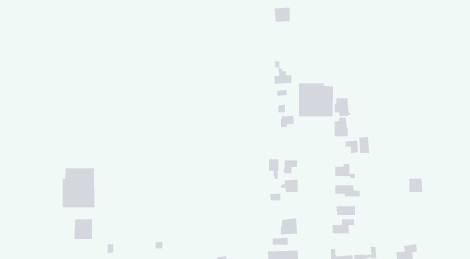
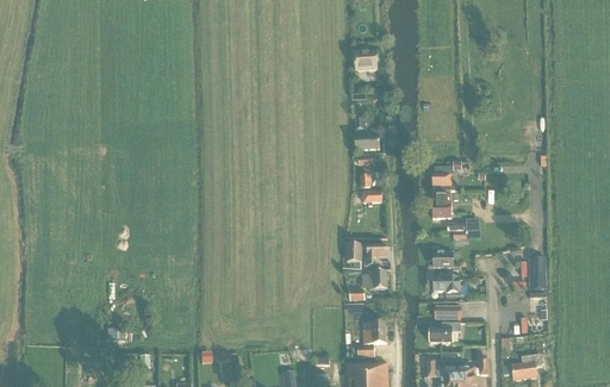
building: [298,82,334,117] -> none
building: [62,167,95,208] -> none

